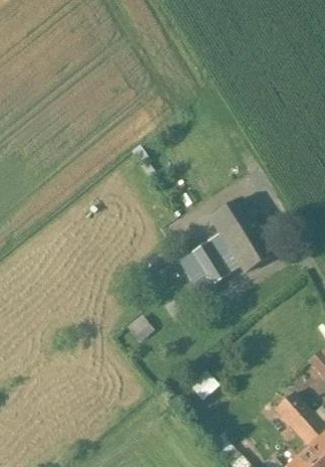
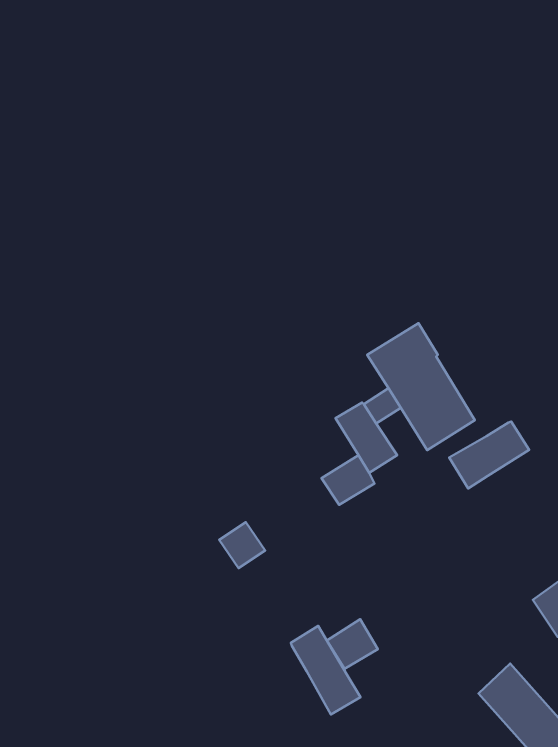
building: none -> [449,422,529,488]
building: none -> [291,626,361,715]

